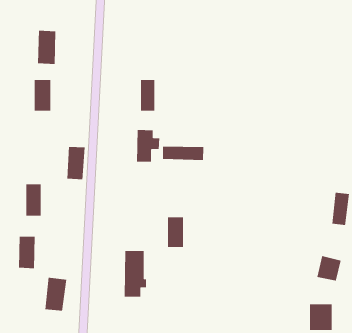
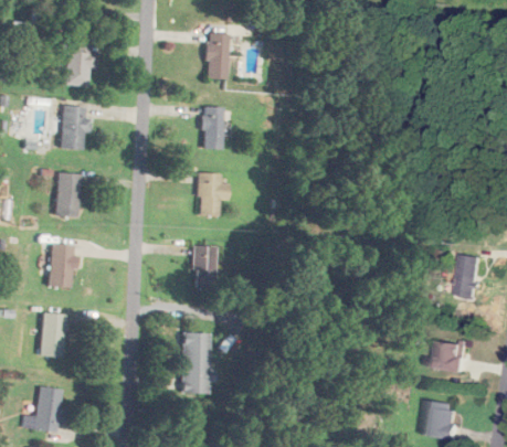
building: none -> [207,33,228,79]
building: [162,146,204,161] -> none
building: [66,146,86,180] -> [55,172,81,216]
building: [167,217,184,248] -> [193,246,215,287]
building: [45,277,67,311] -> [34,386,64,432]

